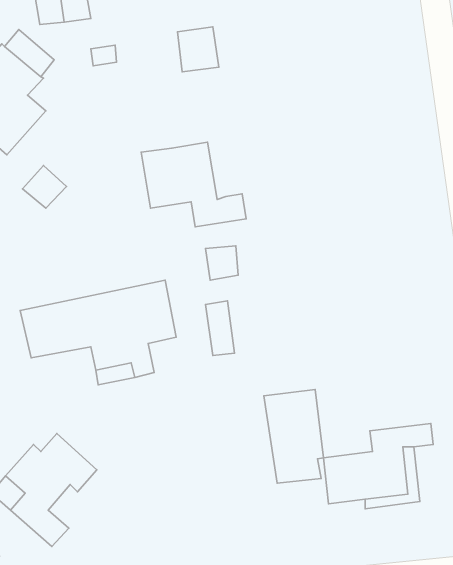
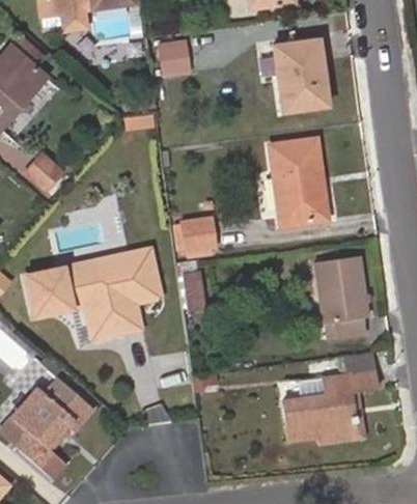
building: none -> [271,39,327,111]
building: [141,142,246,227] -> none
building: none -> [268,137,326,225]
building: [264,390,324,483] -> [314,257,365,337]

